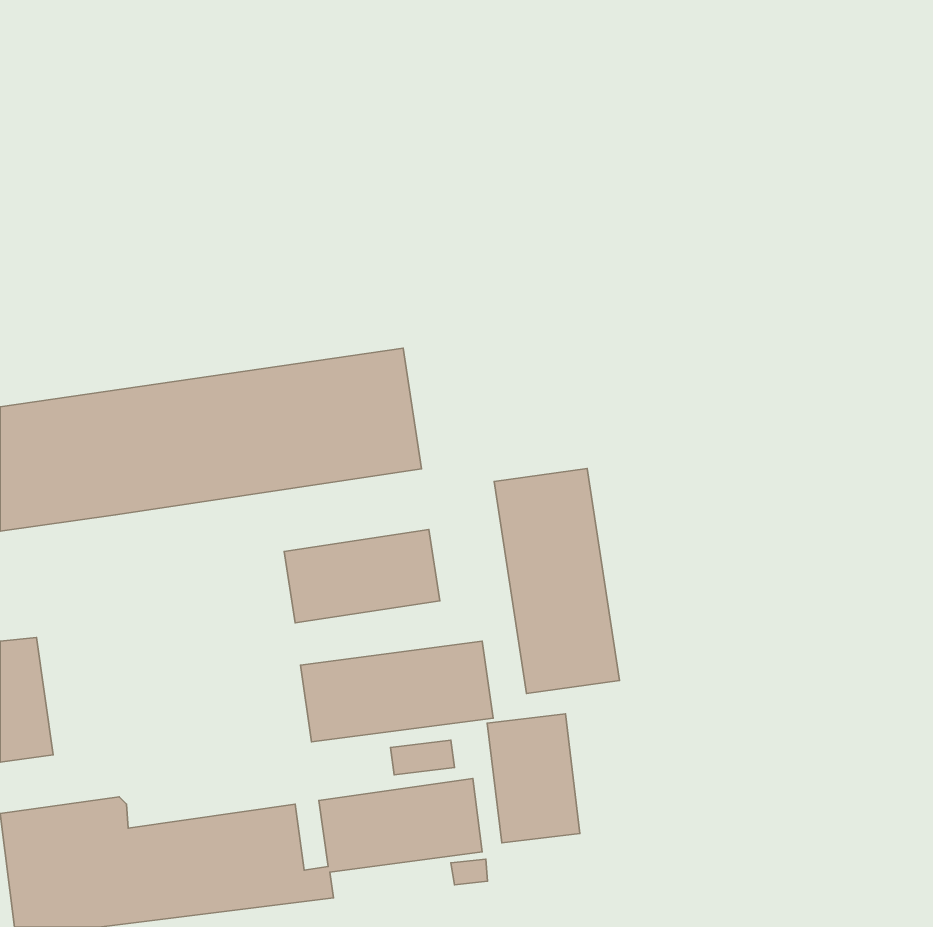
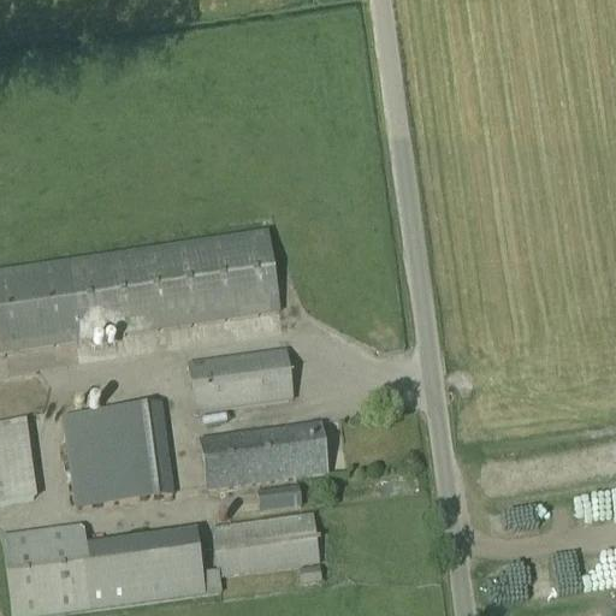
building: [494,468,620,694] -> none
building: none -> [63,401,173,504]
building: [487,714,580,843] -> none

